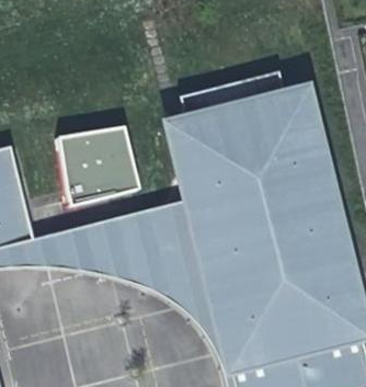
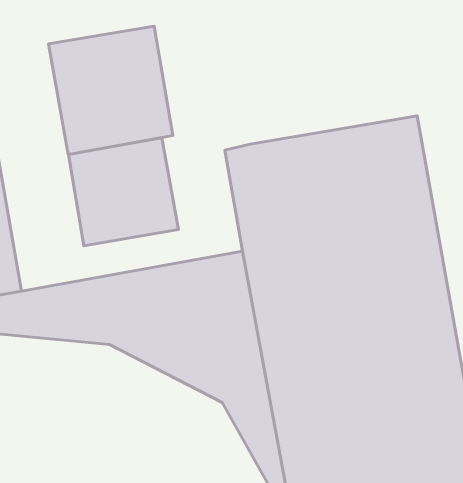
building: none -> [49,26,173,155]
building: [181,71,286,123] -> none

